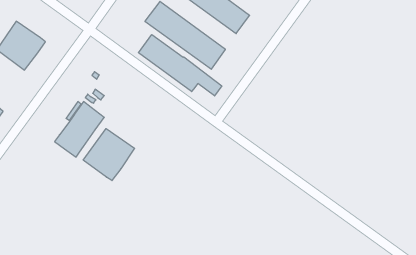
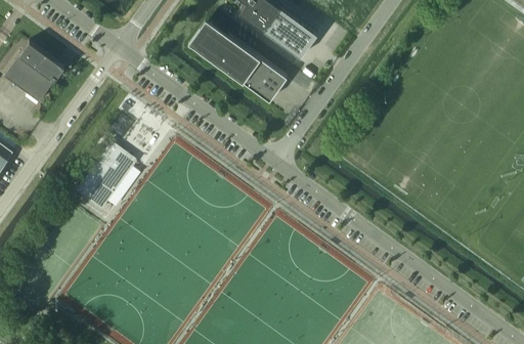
building: [138,35,222,96] -> none
building: [83,129,135,181] -> none

